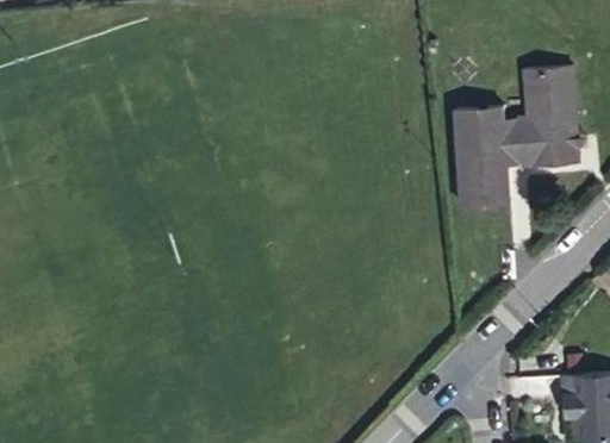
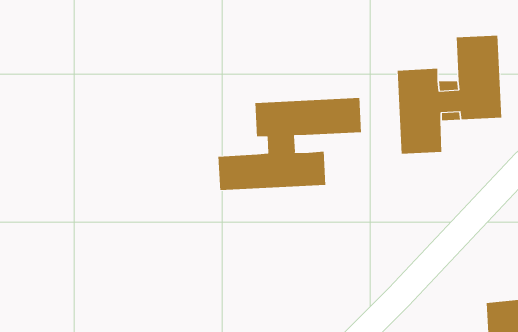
building: none -> [218,97,362,191]

